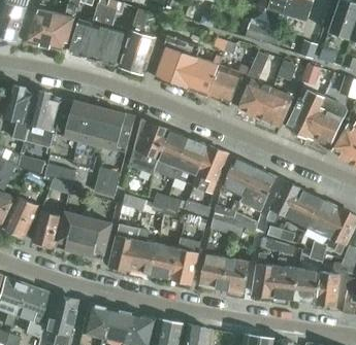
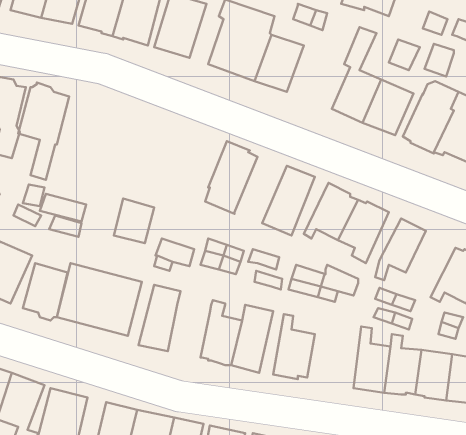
building: [208,65,240,104] -> none
building: [55,98,135,152] -> none
building: [129,118,168,175] -> none
building: [173,139,208,183] -> none
building: [288,188,321,233] -> none
building: [129,229,157,273] -> none
building: [222,257,250,292] -> none

